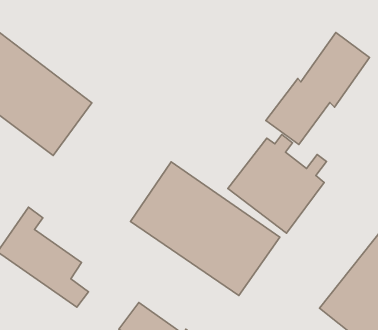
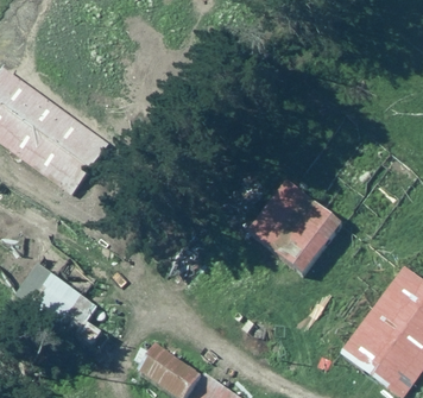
building: [266,33,370,145] -> none
building: [130,162,280,296] -> none

